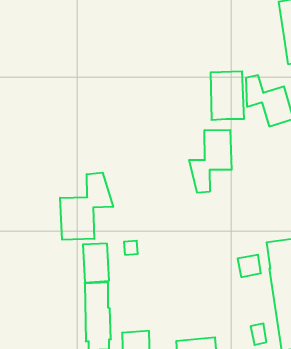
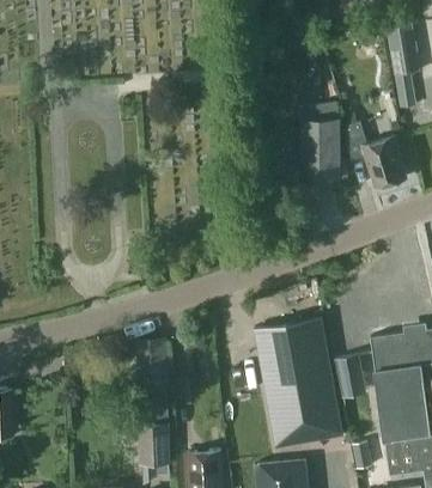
building: [189,130,231,193] -> none
building: [60,173,113,240] -> none
building: none -> [254,317,343,449]

